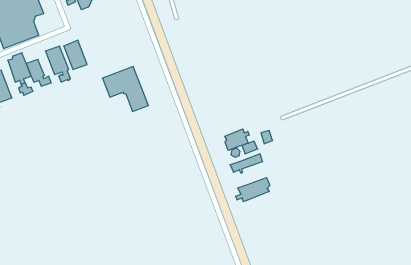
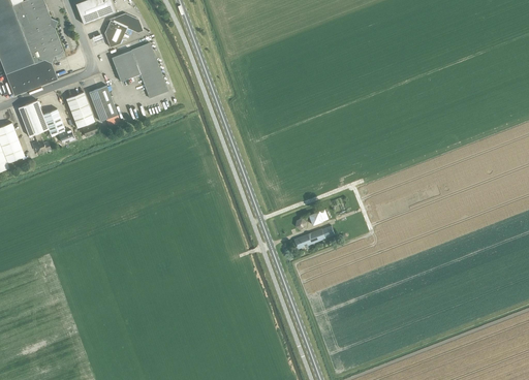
building: [102,66,148,111] -> [111,42,167,98]
building: [225,129,249,150] -> none
building: [236,178,270,202] -> none

